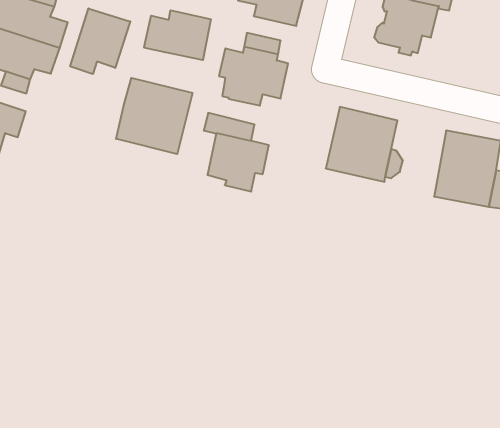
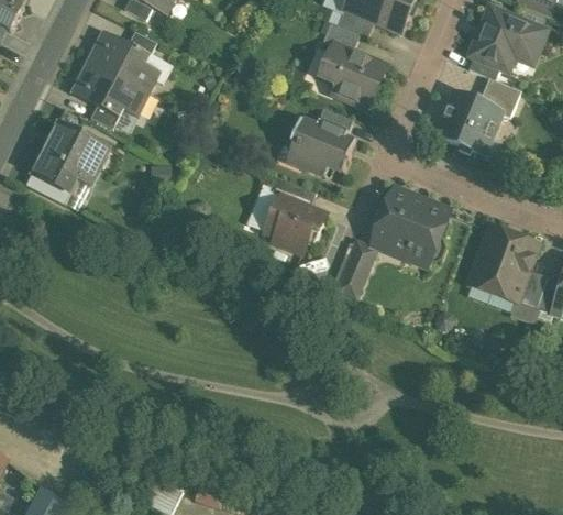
building: [70,8,130,74] -> none
building: [144,10,211,60] -> none
building: [116,78,193,154] -> none
building: none -> [336,241,374,296]

